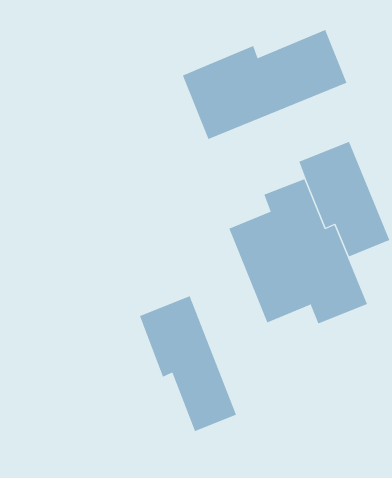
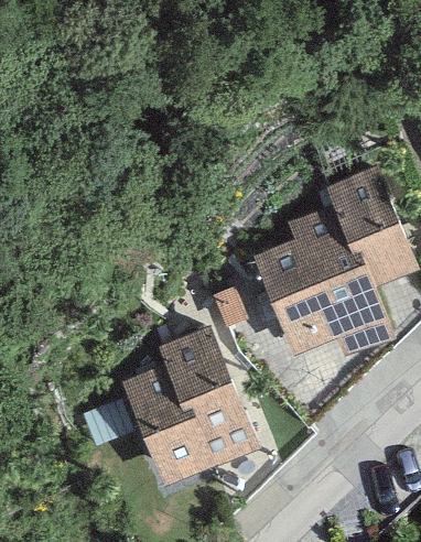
building: [182,29,347,140] -> none
building: none -> [120,364,215,486]

